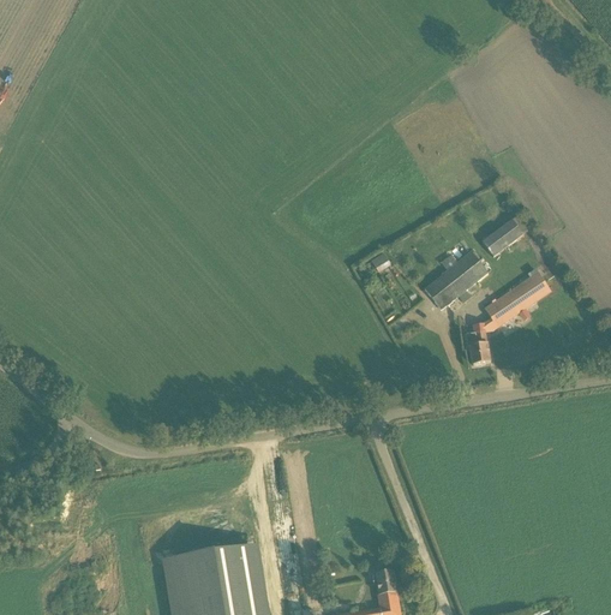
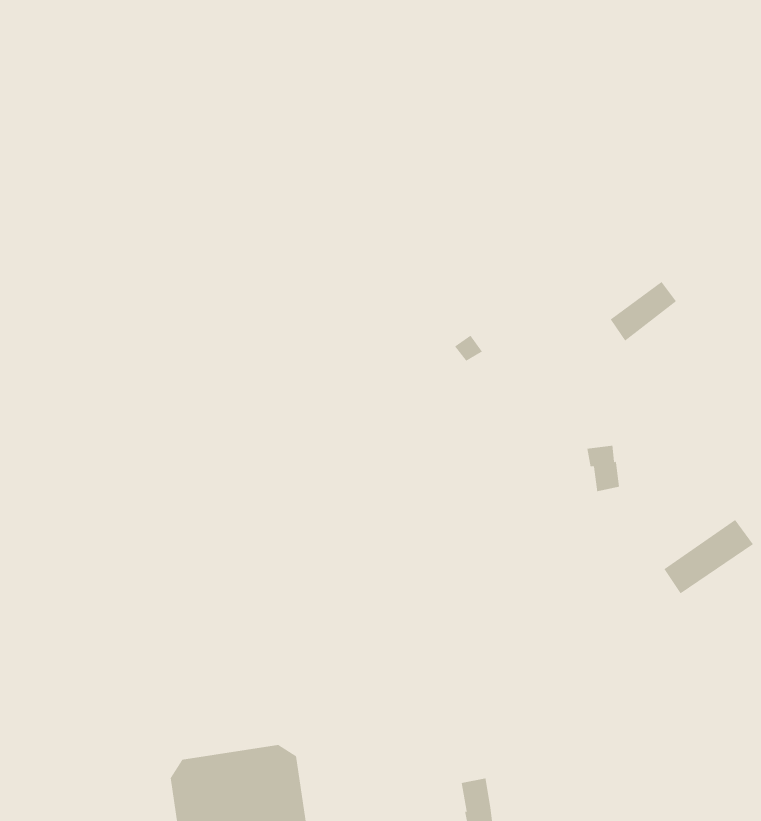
building: [424,251,486,310] -> none
building: [485,273,550,327] -> [664,519,754,594]

